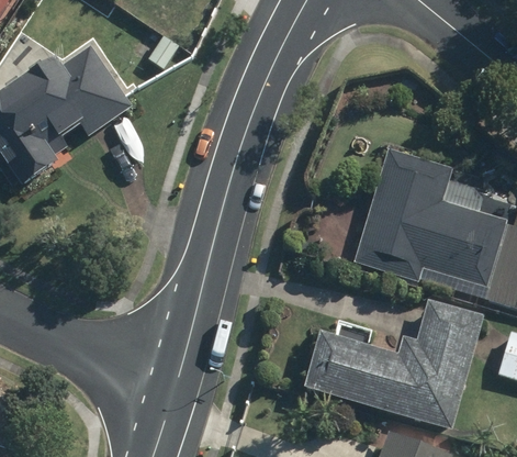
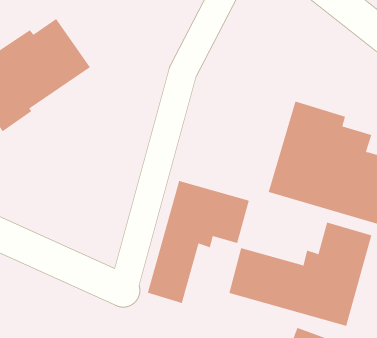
building: none -> [147,180,249,304]

